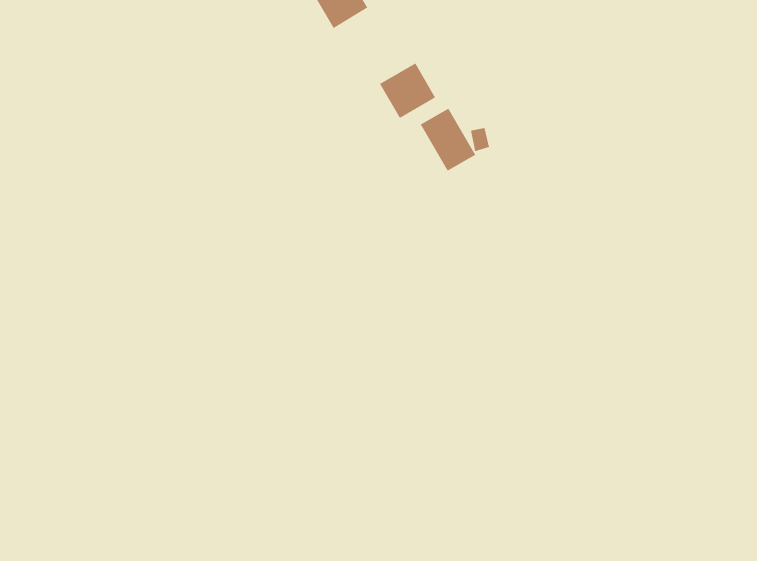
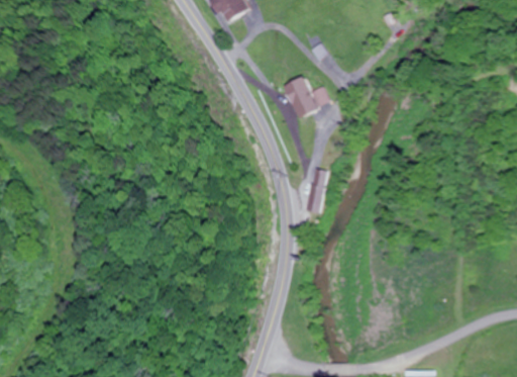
building: [379,62,436,119] -> none

